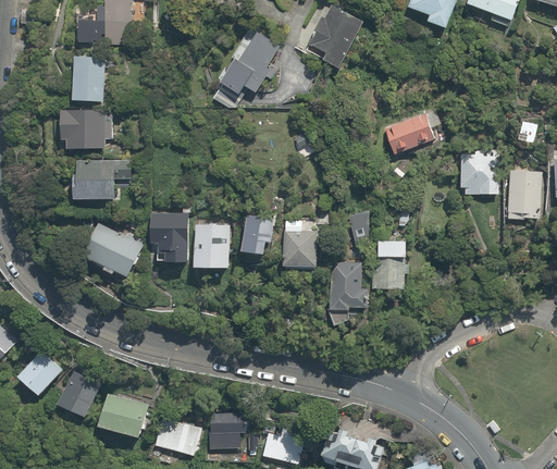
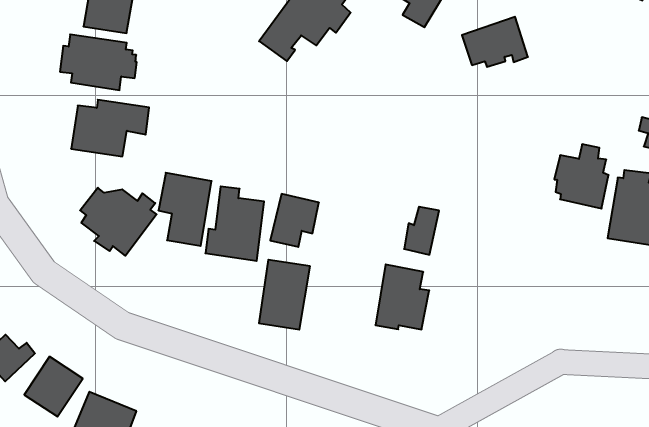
building: [381,111,435,153] -> [462,17,528,67]
building: [282,219,317,271] -> [259,260,310,330]
building: [371,240,403,291] -> none

